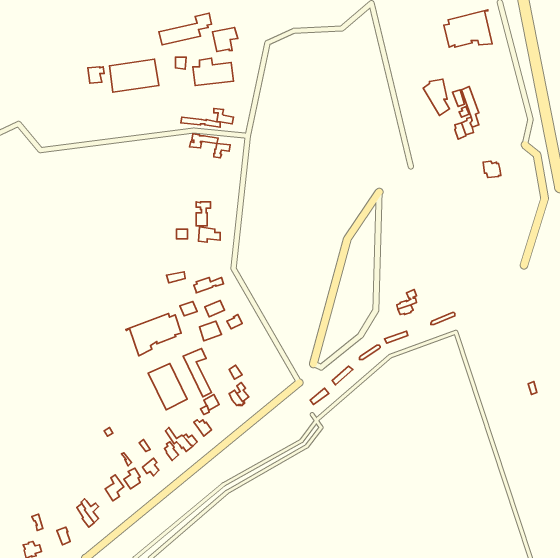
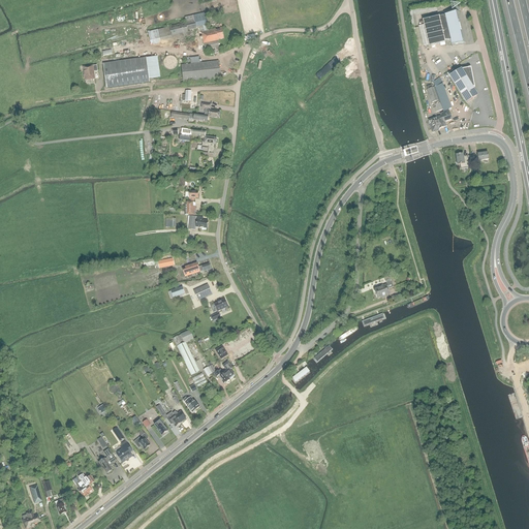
building: [423,79,449,115] -> [452,66,476,100]
building: [126,313,181,356] -> none
building: [148,363,187,410] -> none

